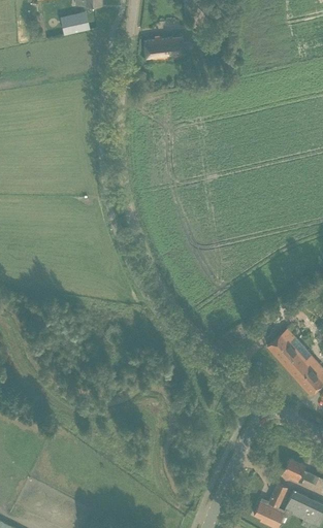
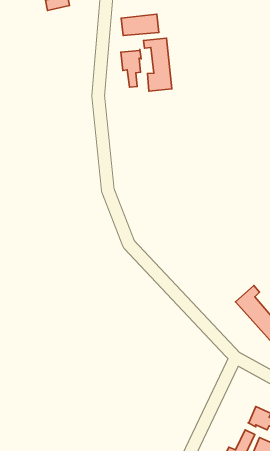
building: none -> [144,38,172,91]
building: none -> [121,50,141,87]

